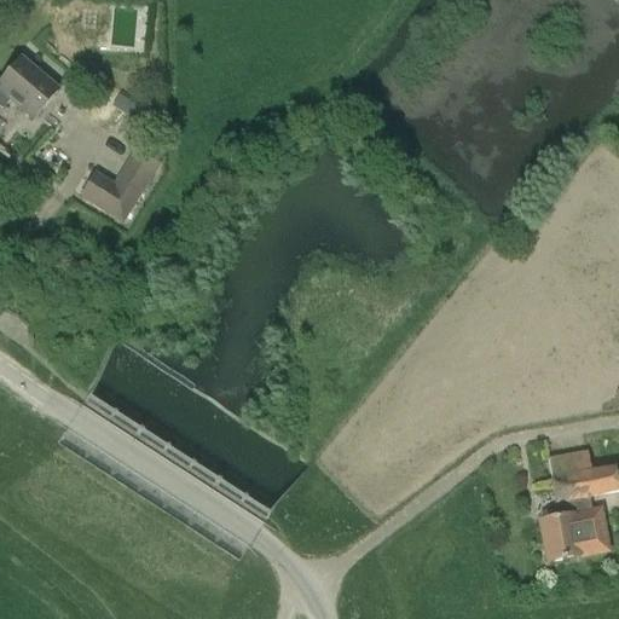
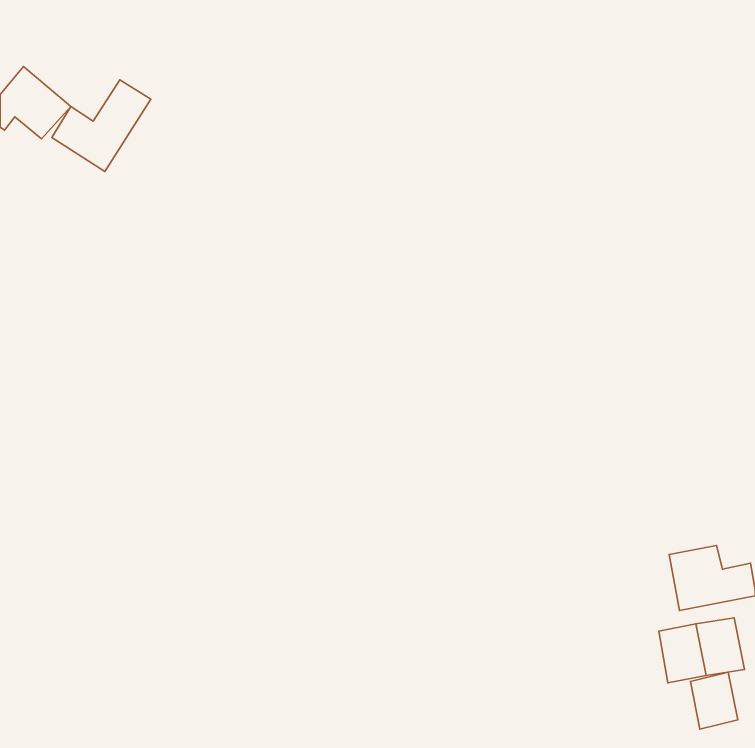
building: [80,146,161,221] -> [52,80,151,171]
building: none -> [690,672,738,729]

